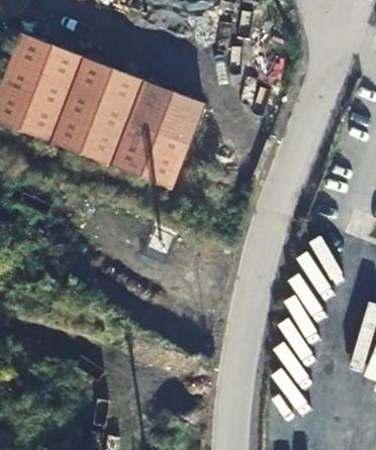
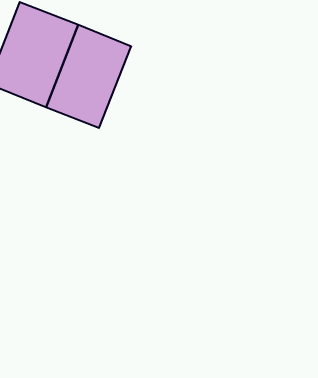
building: [109,79,205,190] -> none

